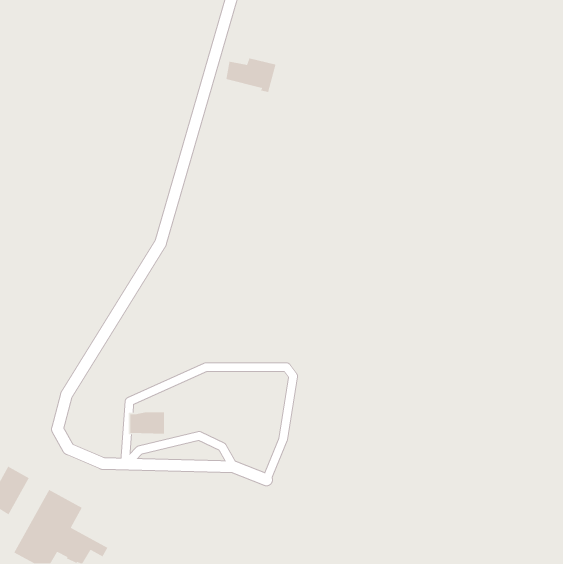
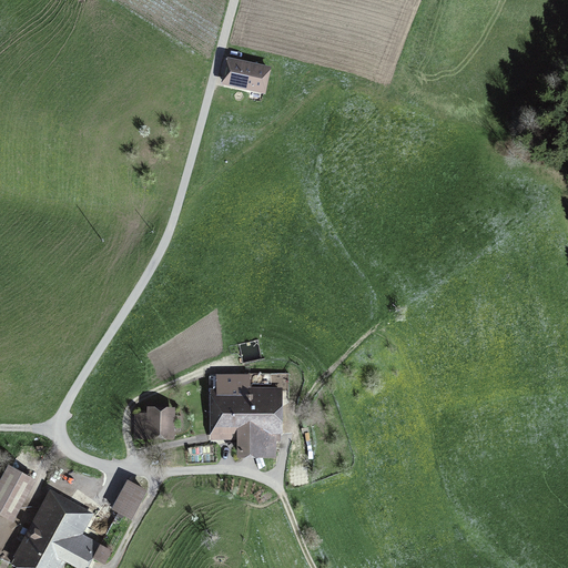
building: none -> [217,375,277,456]
building: none -> [113,480,143,517]

